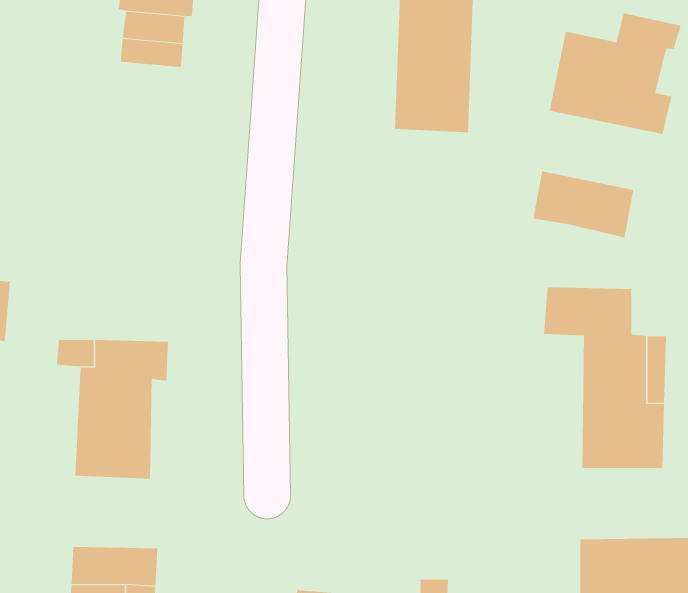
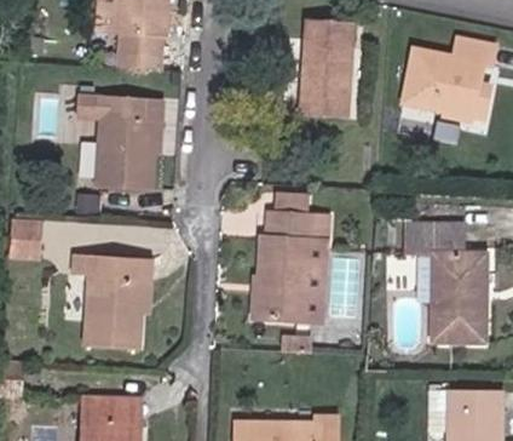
building: none -> [75,99,158,195]
building: [533,170,634,238] -> none
building: none -> [263,213,315,322]

